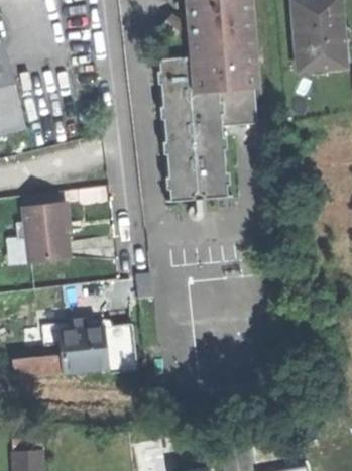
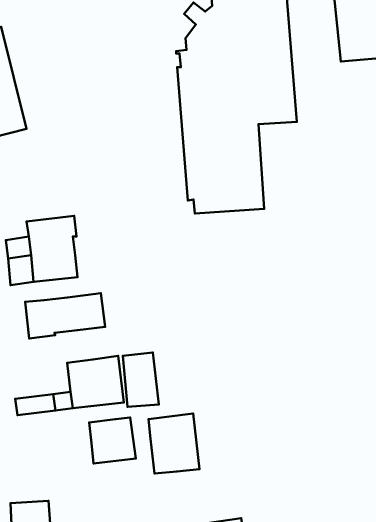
building: none -> [25,293,105,338]
building: none -> [149,414,199,474]
building: none -> [89,418,136,464]

